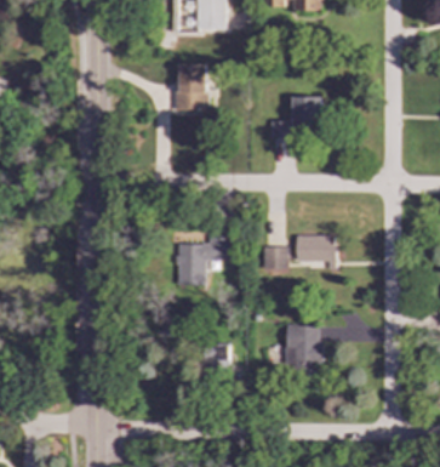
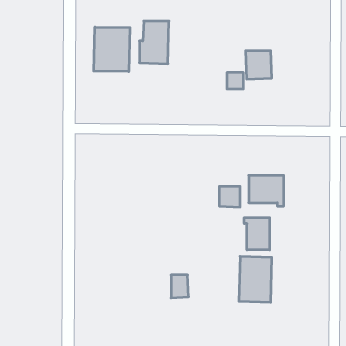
building: none -> [94,27,130,72]
building: [178,234,234,284] -> none
building: none -> [244,218,270,250]

